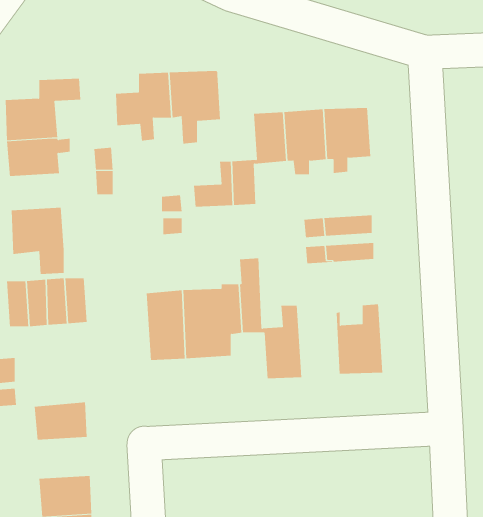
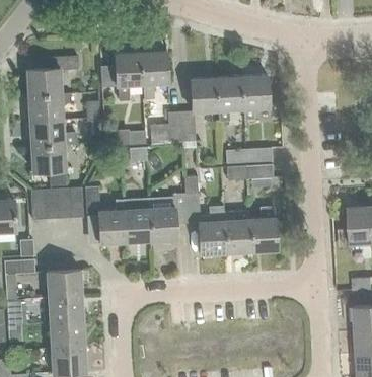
building: none -> [28,120,63,144]
building: none -> [84,186,122,244]
building: none -> [219,207,246,254]
building: none -> [47,294,82,321]

